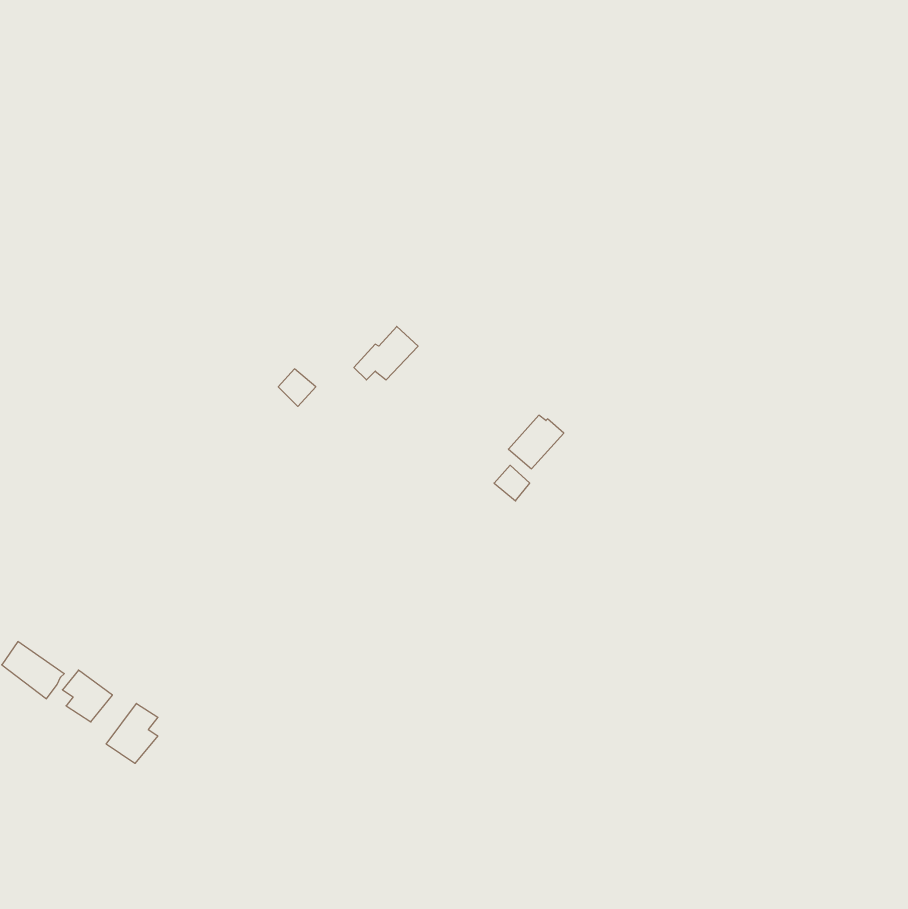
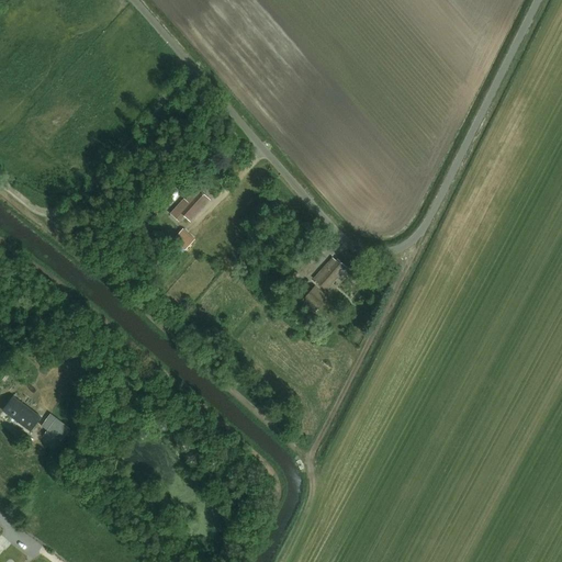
building: [354,326,418,380] -> [171,188,211,221]
building: [106,703,158,763] -> none

